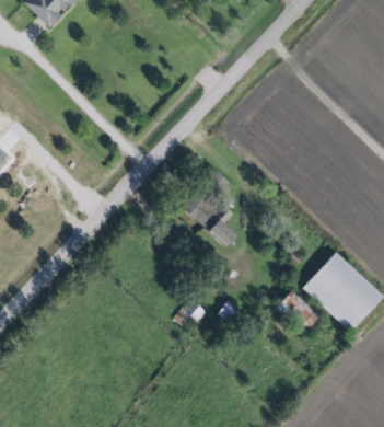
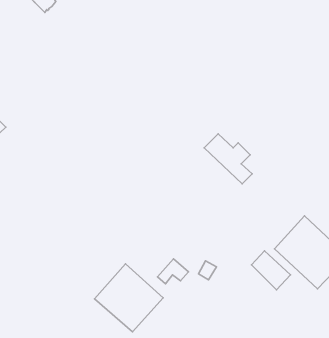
building: [183,191,235,245] -> [204,134,252,184]
building: none -> [94,264,163,332]

